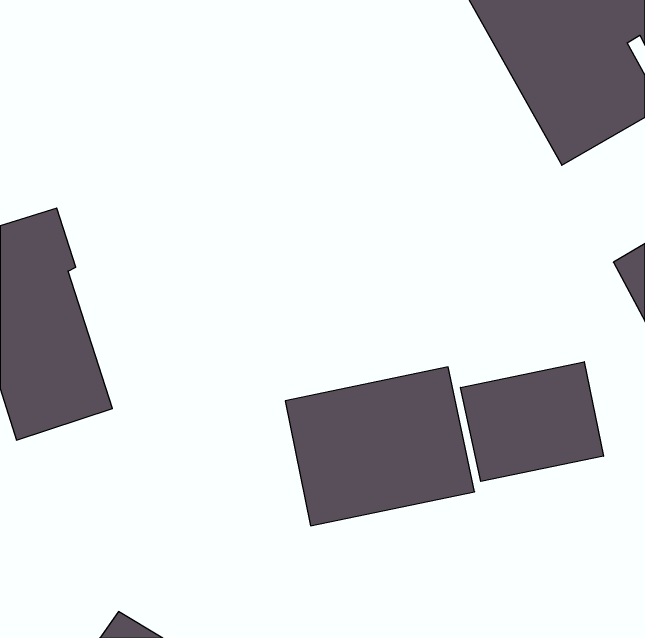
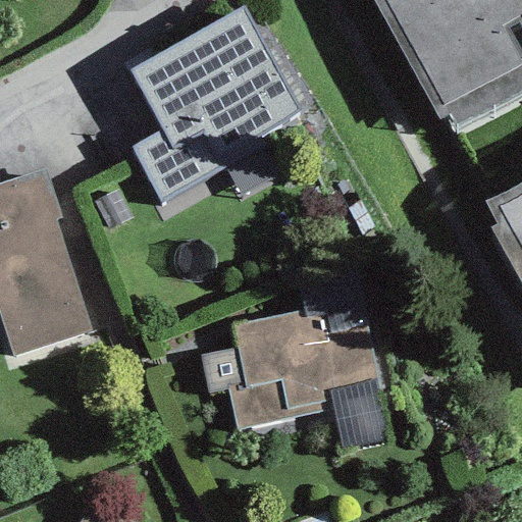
building: none -> [130,9,303,201]
building: [461,362,603,481] -> none

